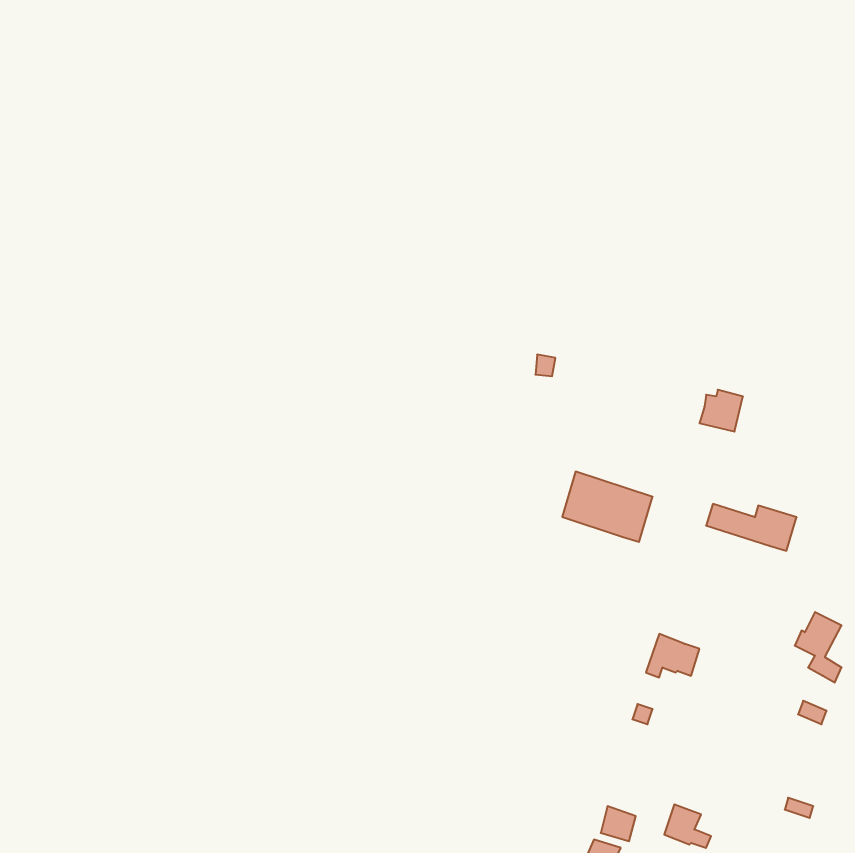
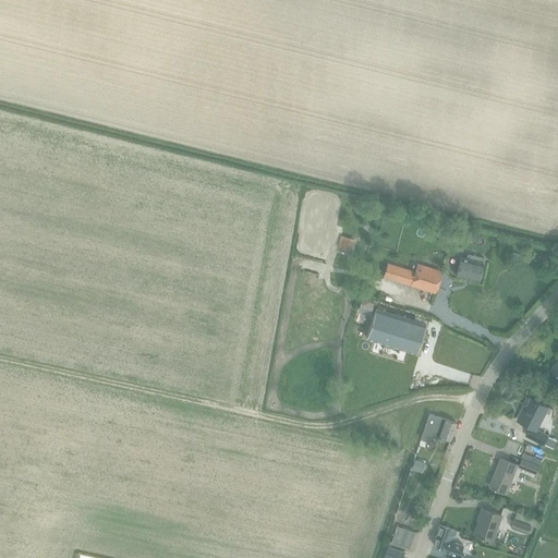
building: [706,504,797,551] -> [383,264,441,294]
building: none -> [490,460,517,493]
building: none -> [473,510,501,542]

